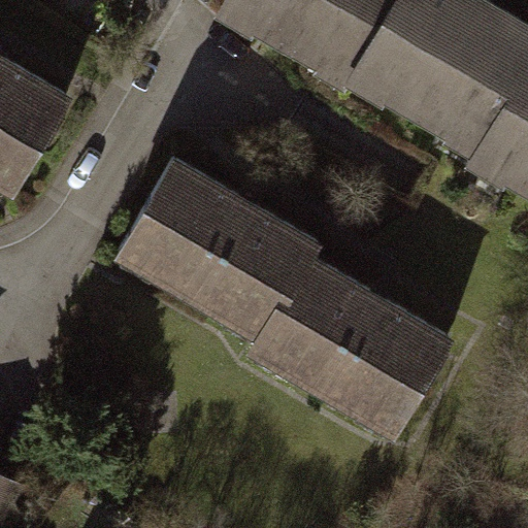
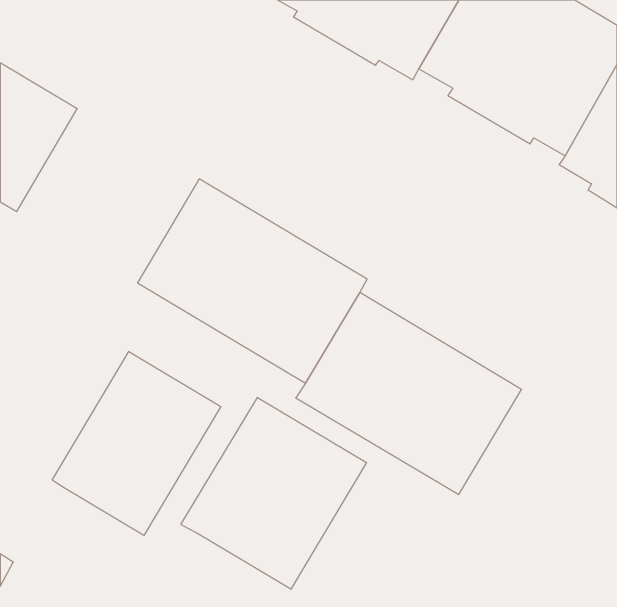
building: none -> [52,351,221,535]
building: none -> [181,397,366,589]

